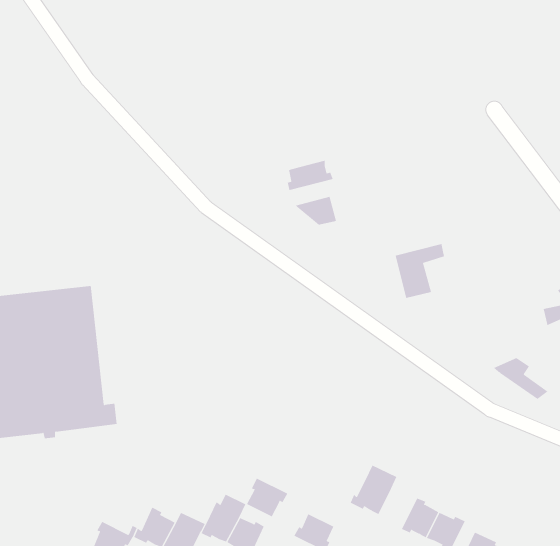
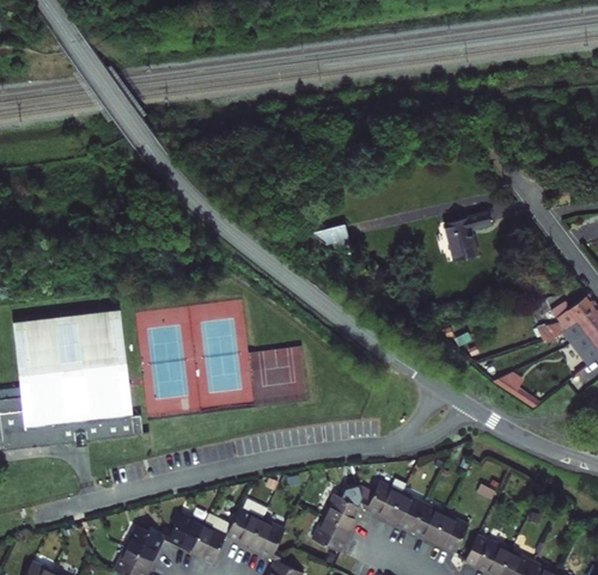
building: [287,160,333,191] -> none
building: [395,244,445,299] -> [443,214,488,264]
building: [246,478,288,517] -> [323,493,361,528]
building: none -> [388,494,422,531]

